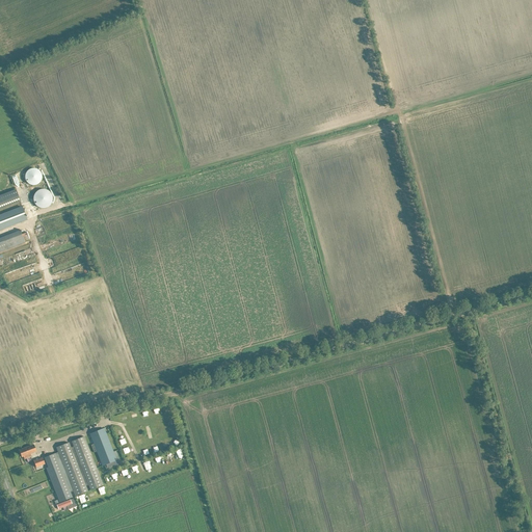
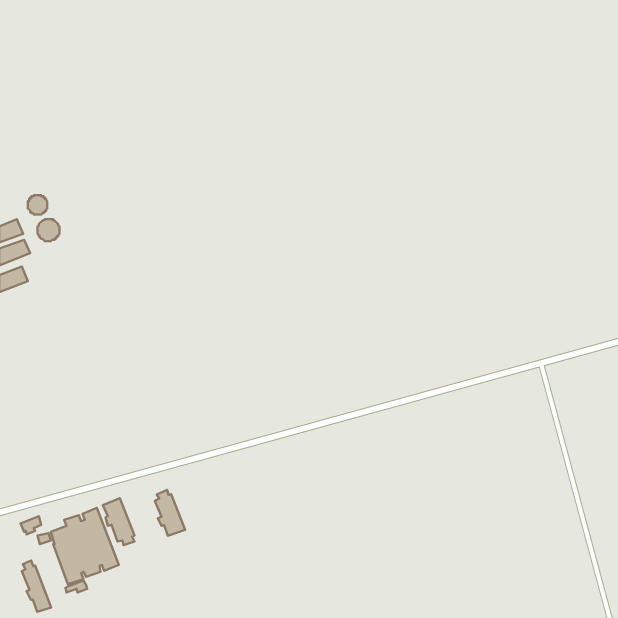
building: none -> [155,490,185,536]
building: none -> [22,560,51,612]

